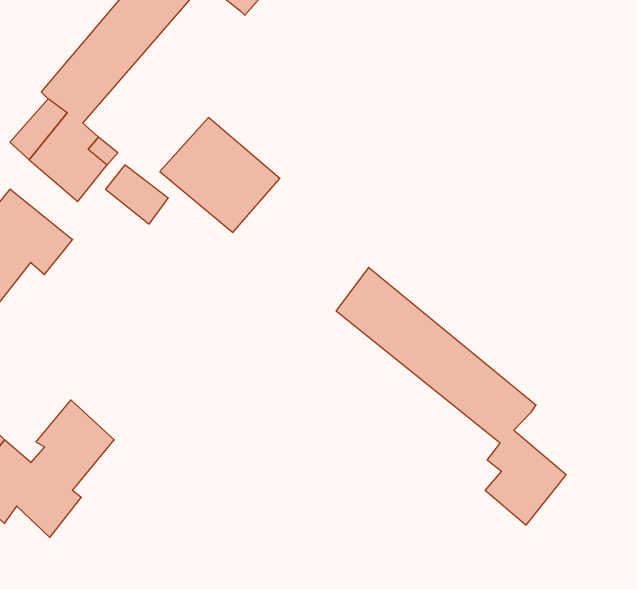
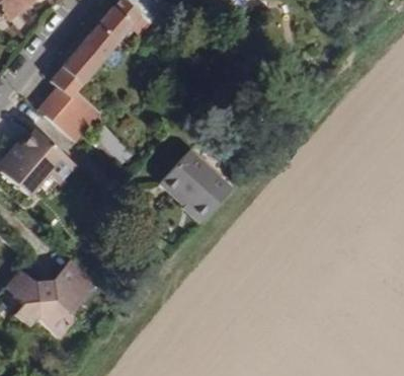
building: [160,117,280,232] -> [155,151,225,218]
building: [336,267,566,525] -> none

